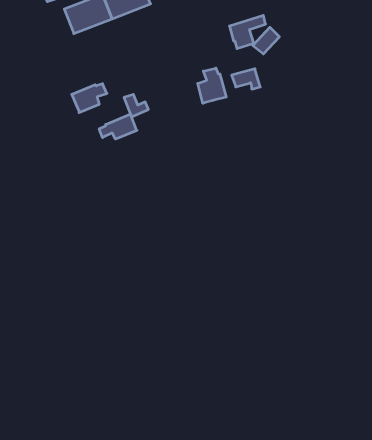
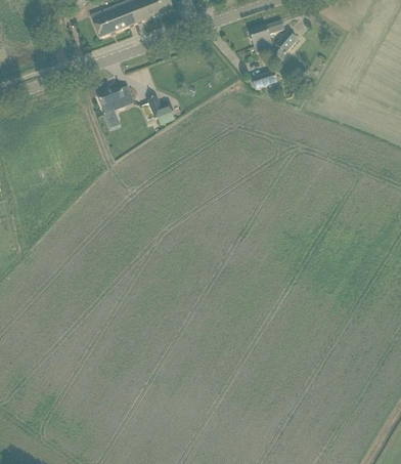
building: [198,68,226,103] -> none
building: [99,114,137,139] -> none

